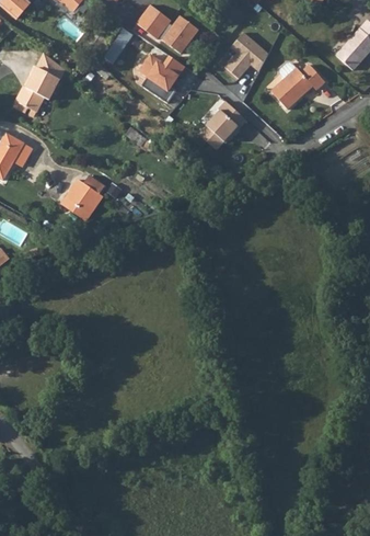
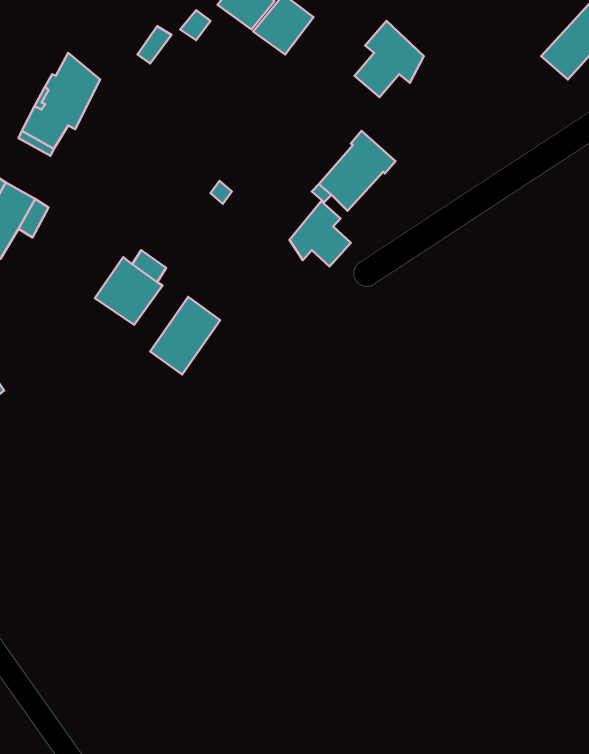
building: [139,54,185,103] -> none
building: [271,62,325,109] -> none
building: none -> [289,201,351,266]
building: none -> [150,297,220,375]

